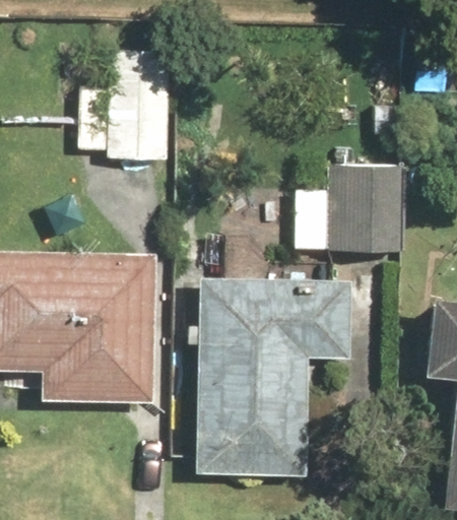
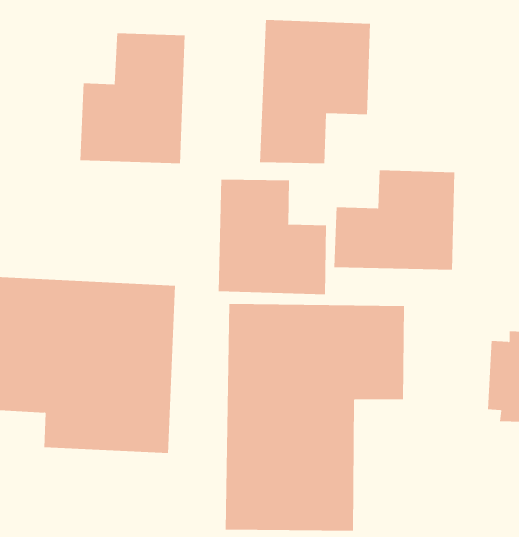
building: none -> [260,19,370,164]
building: none -> [218,179,326,295]

